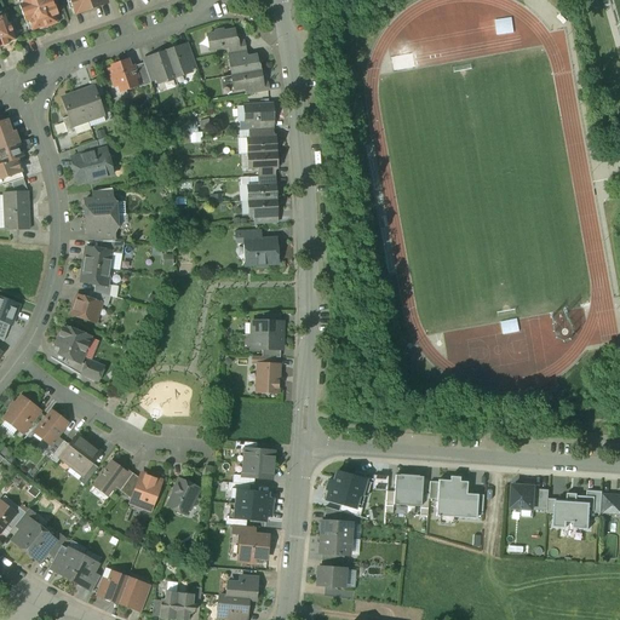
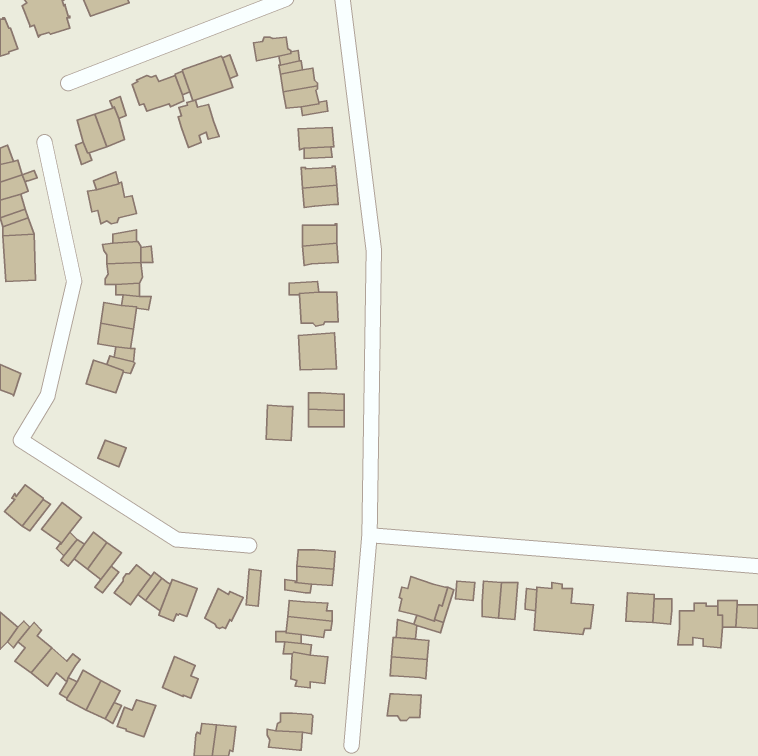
building: none -> [178,100,219,147]
building: none -> [299,333,337,370]
building: [54,326,90,362] -> none
building: [257,363,279,392] -> [266,405,293,441]
building: [117,576,147,610] -> [162,657,198,698]

